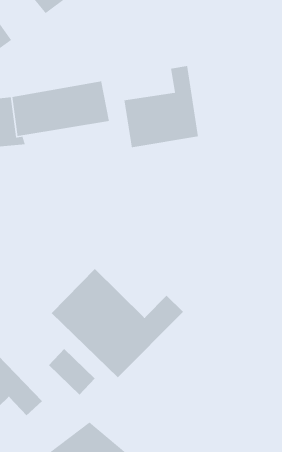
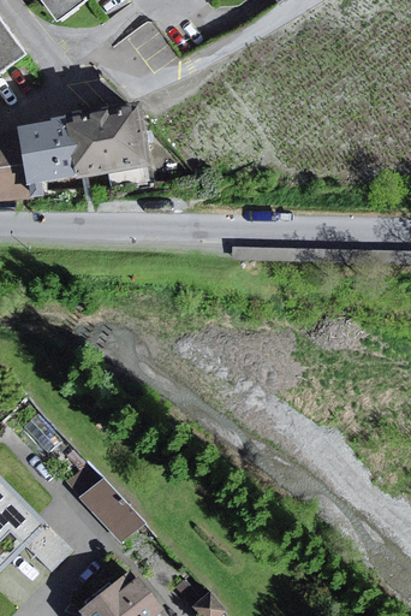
building: [123,65,199,148] -> none
building: [51,268,184,378] -> none

